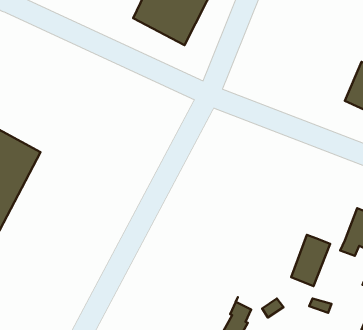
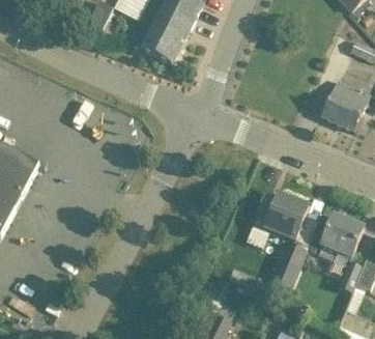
building: none -> [252,193,309,234]

